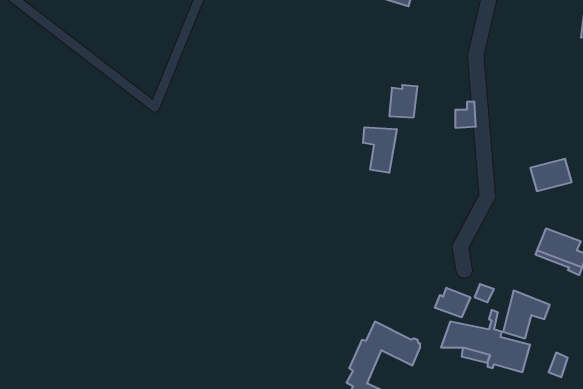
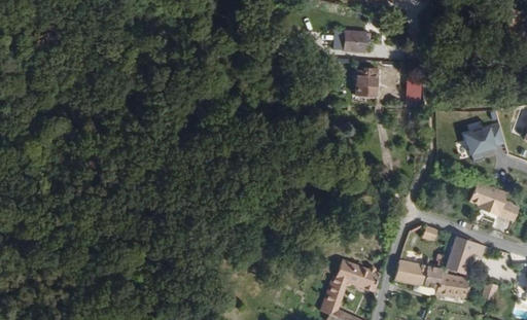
building: none -> [346,32,367,52]
building: [363,127,397,173] -> none
building: [435,288,470,317] -> none

